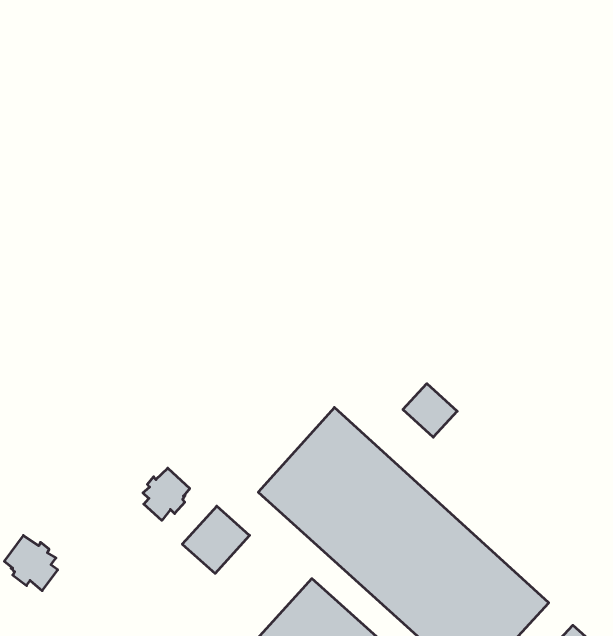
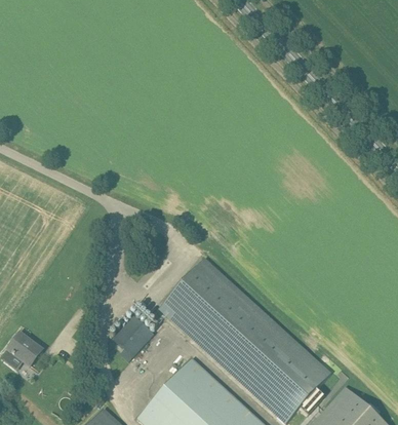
building: [403,384,457,437] -> none
building: [143,468,190,520] -> none

